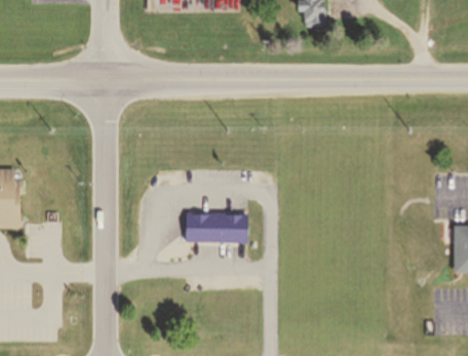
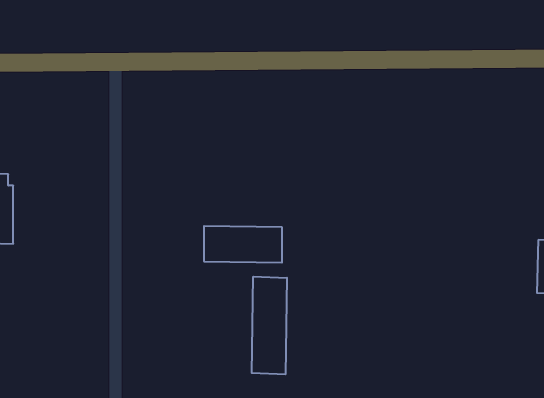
building: none -> [252,277,287,374]

